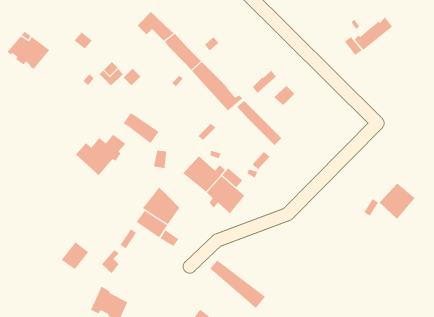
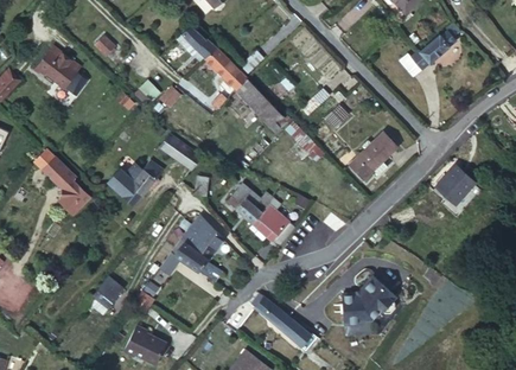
building: none -> [349,133,396,179]
building: none -> [33,148,95,221]
building: [379,183,416,220] -> [434,165,474,205]
building: none -> [343,283,395,326]

